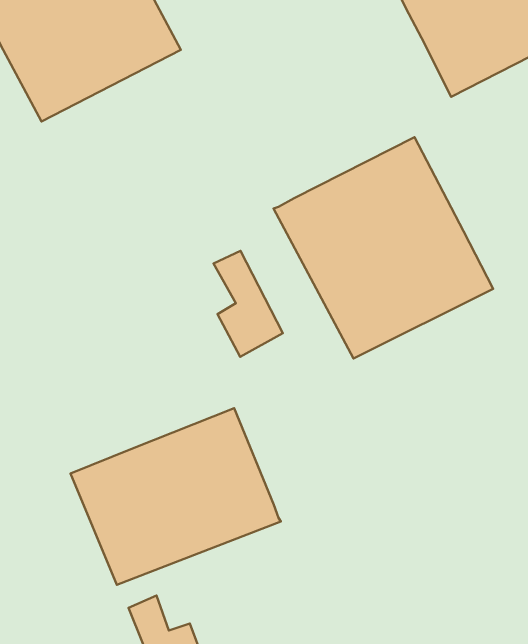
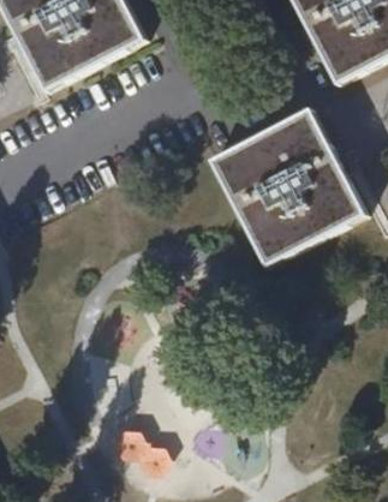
building: [214,251,283,357] -> none
building: [70,408,281,585] -> none

